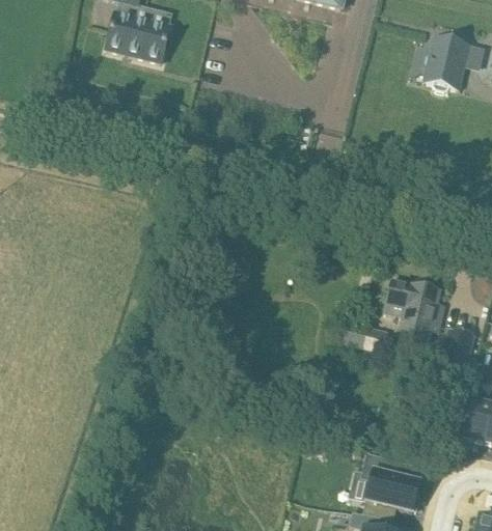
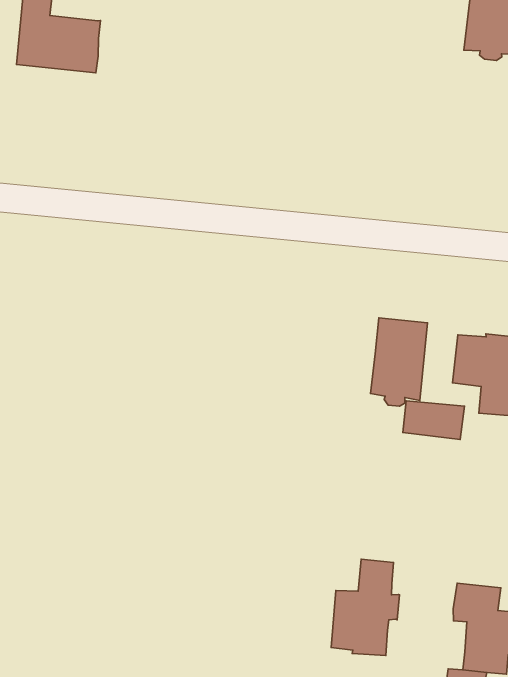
building: none -> [370,318,428,406]
building: none -> [331,559,400,656]

